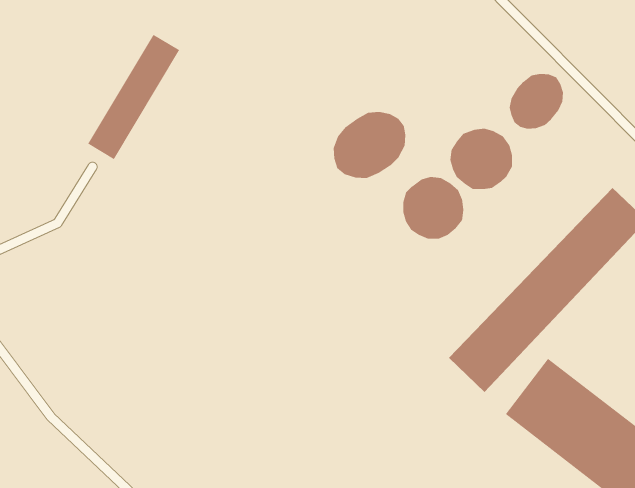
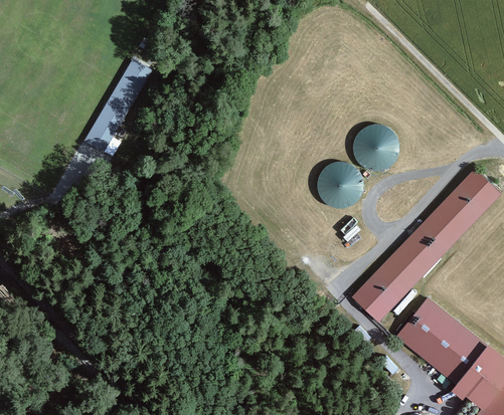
building: [509,73,564,129] -> none
building: [333,111,406,179] -> none

